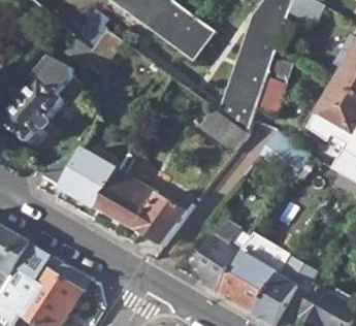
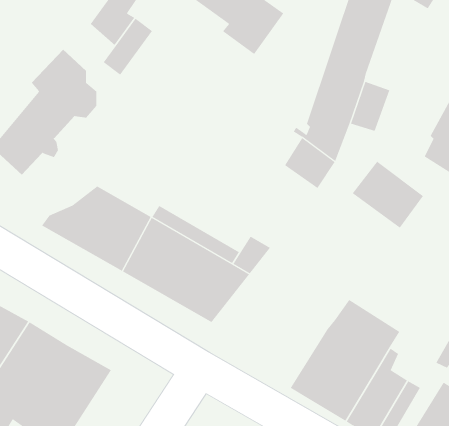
building: [185,218,239,290] -> none

